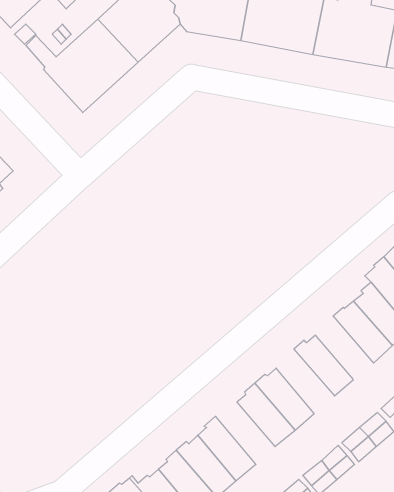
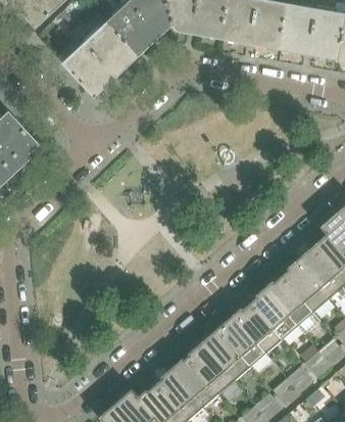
building: none -> [281,262,328,313]
building: none -> [249,288,296,340]
building: none -> [200,331,248,381]

